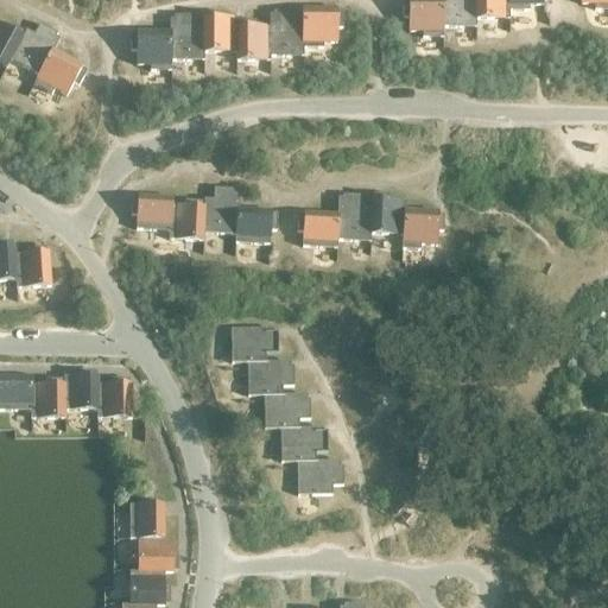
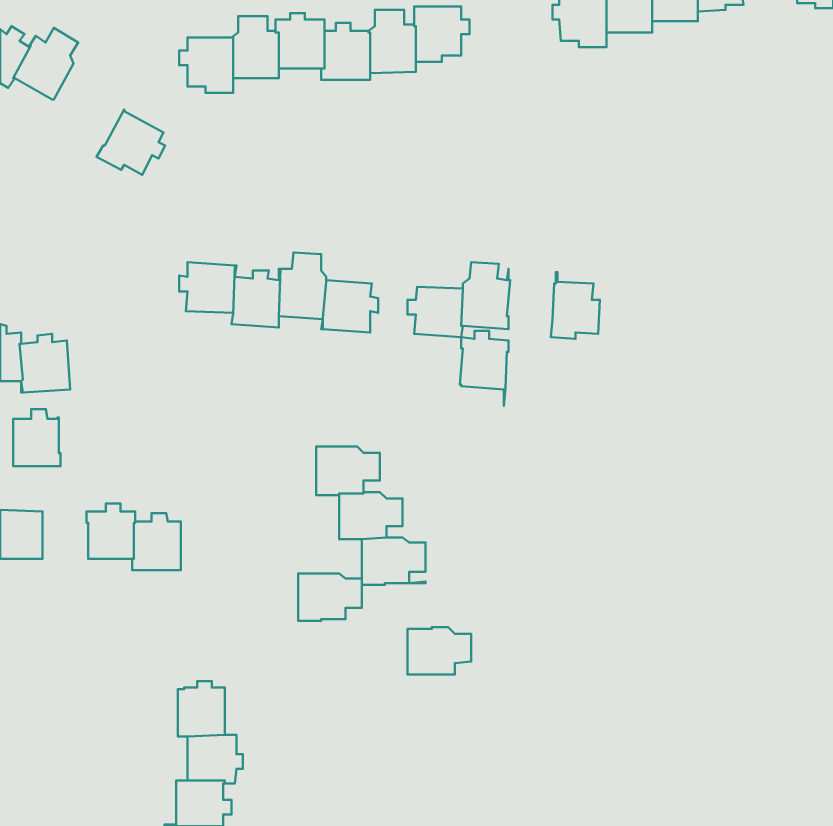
building: [33,46,83,94] -> [97,110,165,175]
building: [369,191,405,246] -> [460,331,509,406]
building: [31,375,65,417] -> [13,409,61,466]
building: [280,425,327,460] -> [298,574,362,621]

